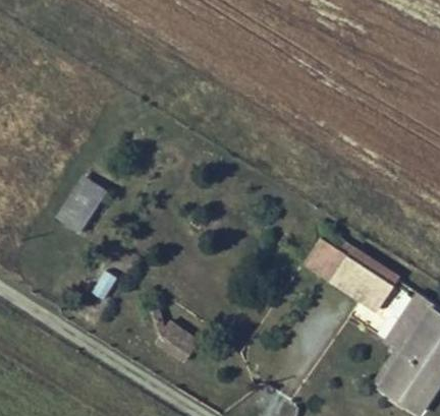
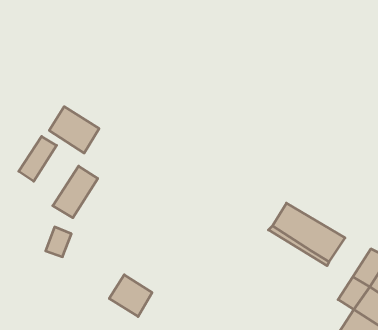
building: none -> [49,107,99,153]
building: none -> [53,166,98,218]

